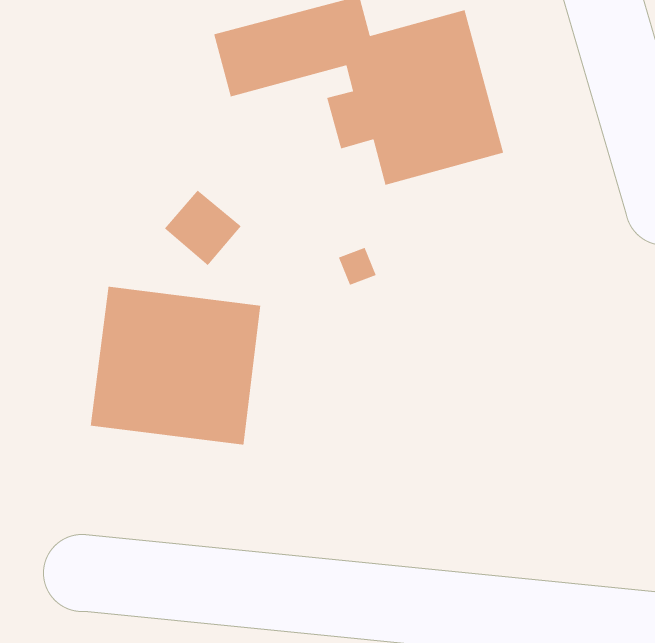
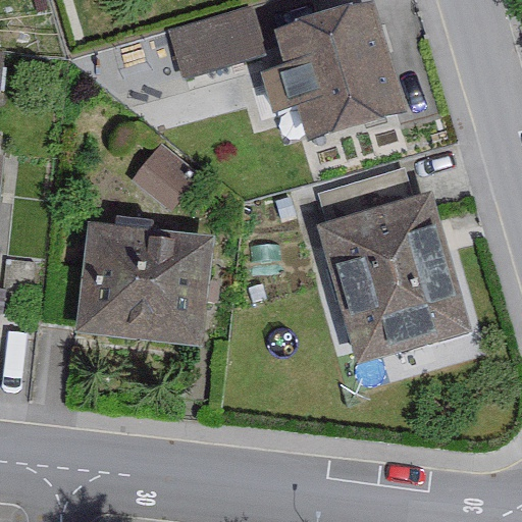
building: none -> [320,164,469,362]

